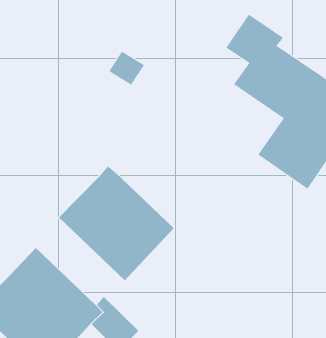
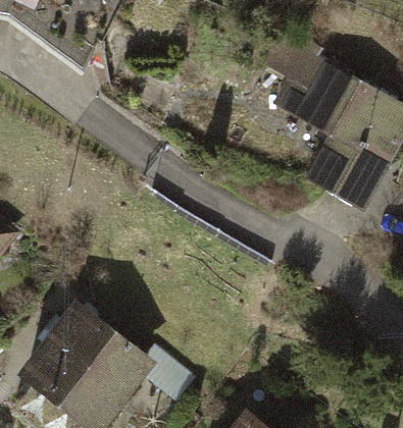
building: [58,166,175,281] -> none

